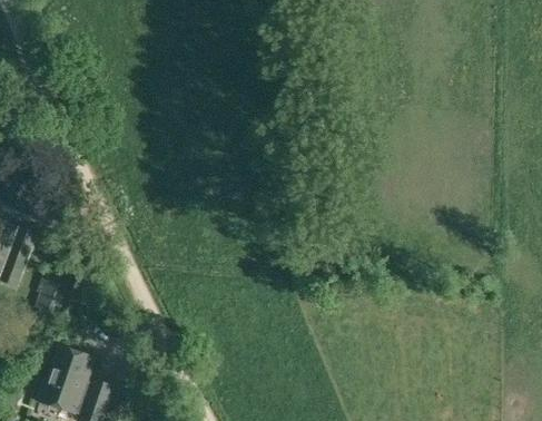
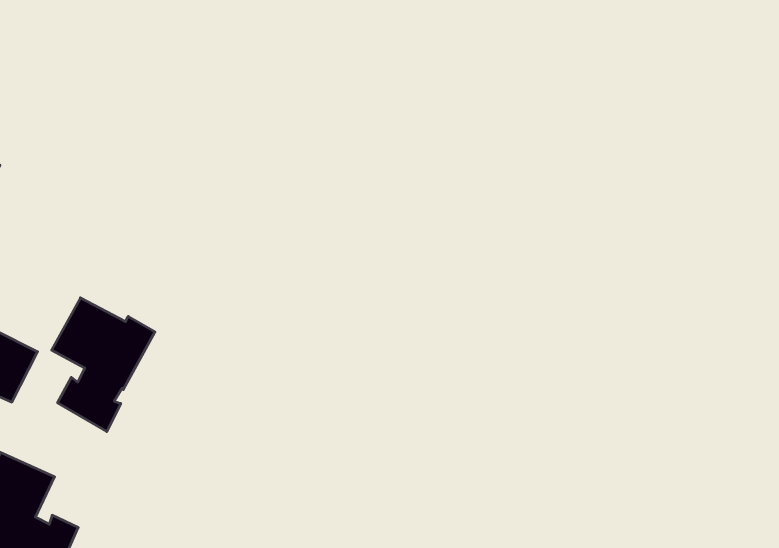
building: none -> [52,298,155,432]

